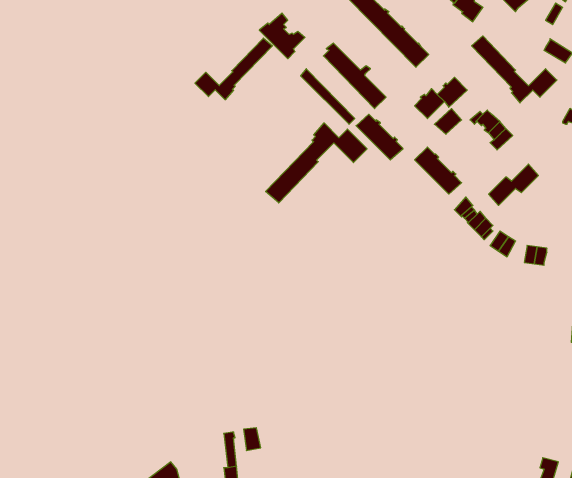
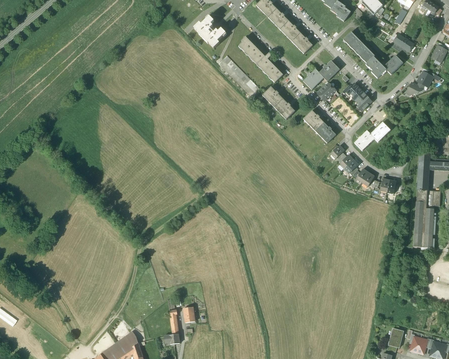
building: [195,38,272,100] -> none
building: [266,123,367,203] -> none

